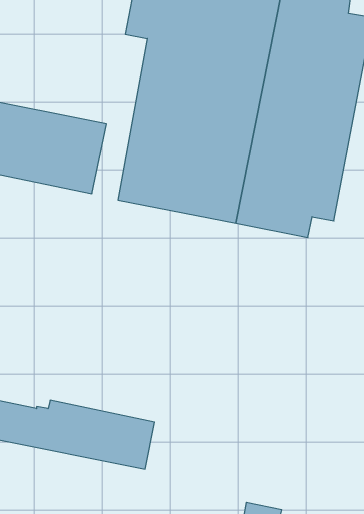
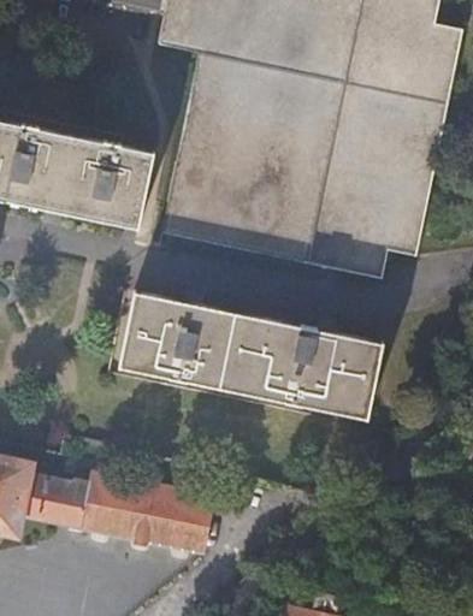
building: none -> [123,291,380,415]

